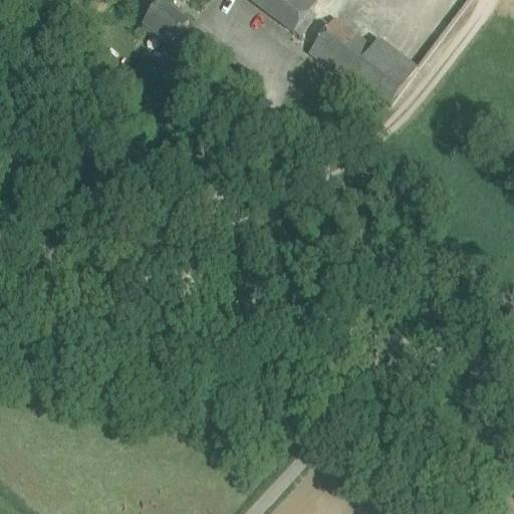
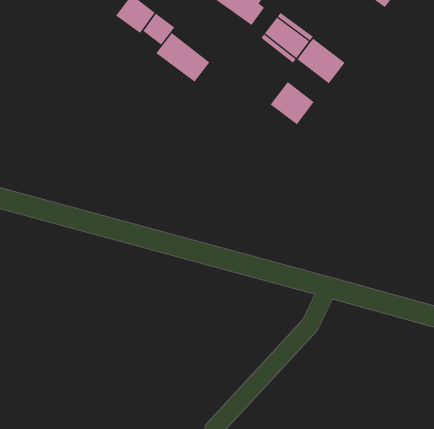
building: none -> [155,32,210,82]
building: none -> [270,81,315,125]

